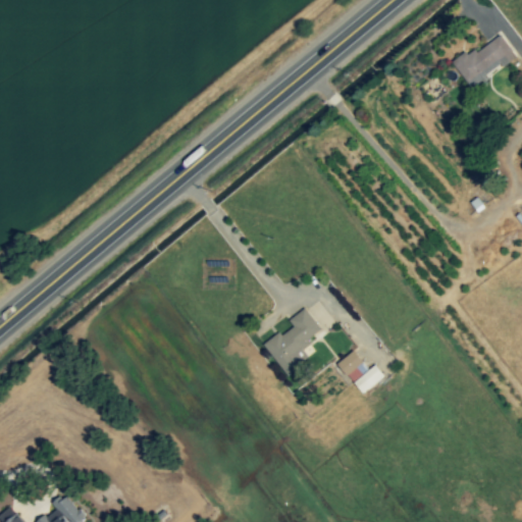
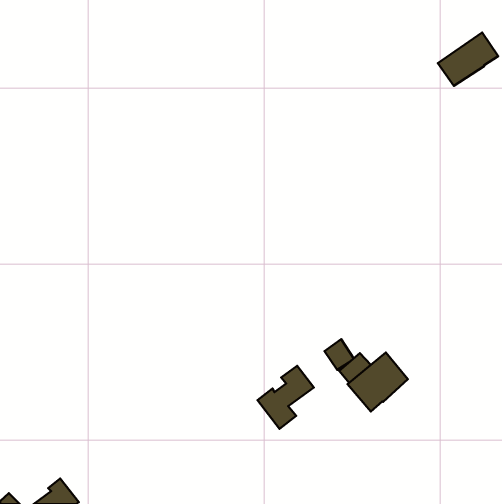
building: [264,309,322,374] -> [258,366,314,429]
building: none -> [348,352,408,412]

